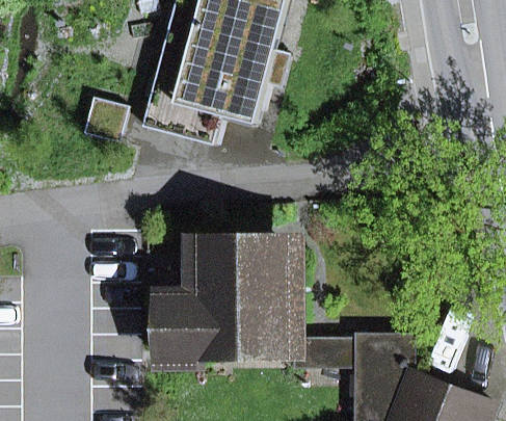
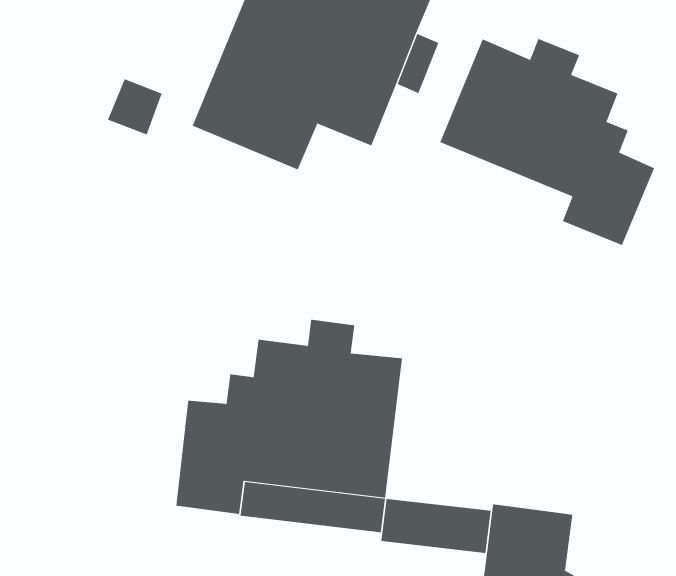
building: none -> [440,38,655,246]

